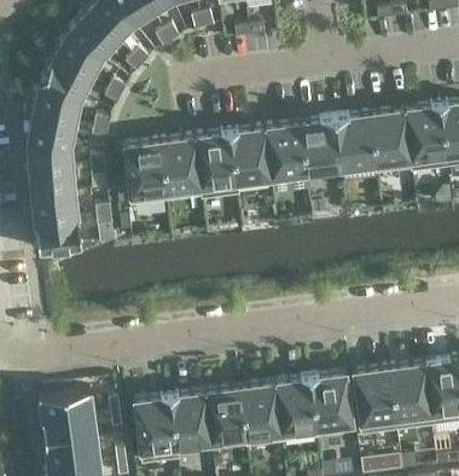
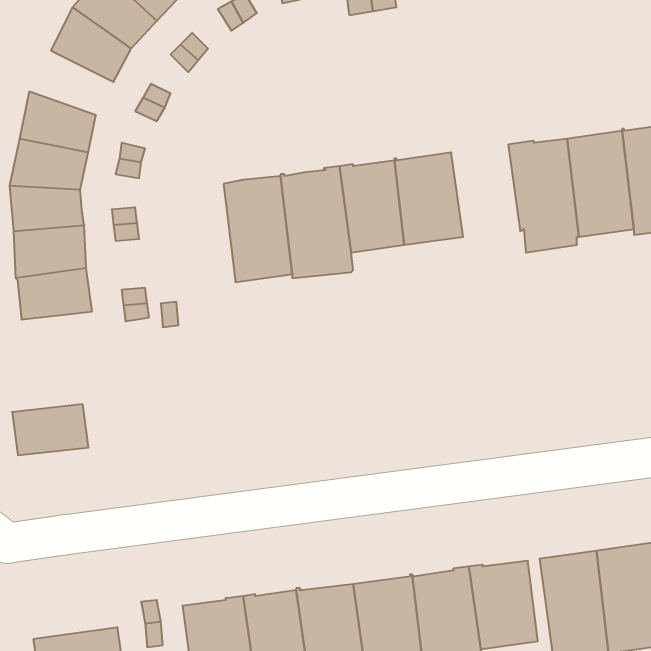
building: [40,58,92,98] -> none
building: [300,116,342,173] -> none
building: [124,140,167,204] -> none
building: [35,219,82,250] -> [12,404,89,455]
building: [39,388,94,420] -> none

